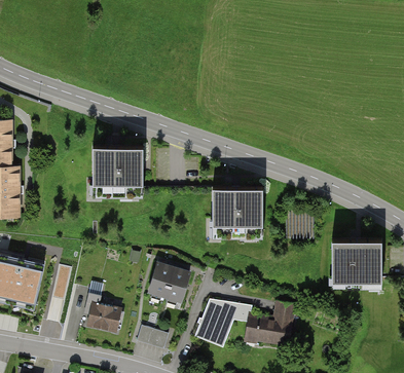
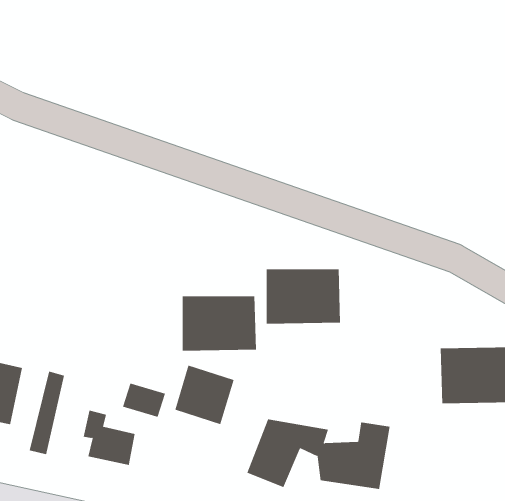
building: [95,154,146,192] -> [182,296,257,351]
building: [139,325,169,348] -> [122,383,166,417]

